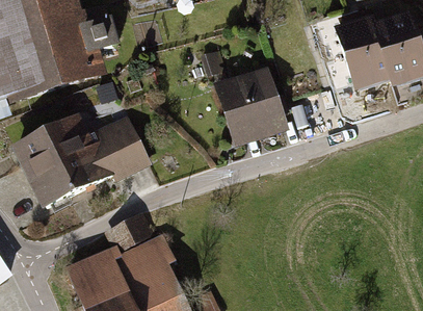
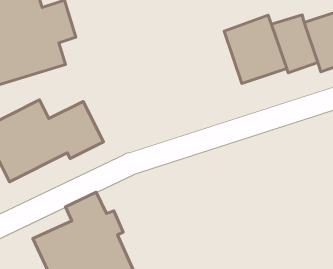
building: [219,71,289,147] -> [224,15,287,83]

